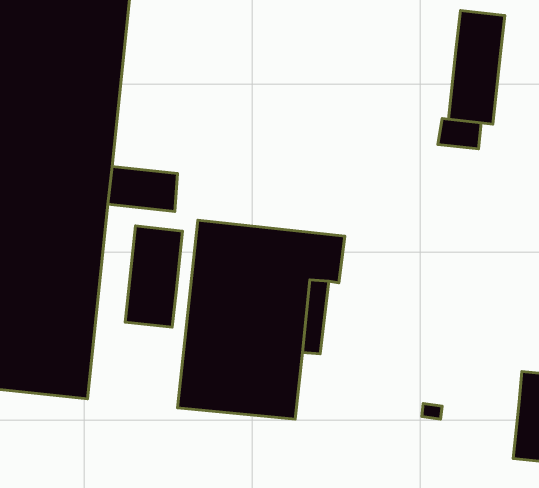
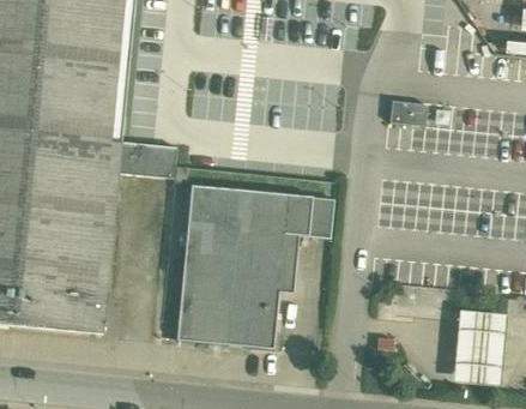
building: [448,11,505,124] -> none
building: [125,226,183,327] -> none
building: none -> [309,197,335,237]

